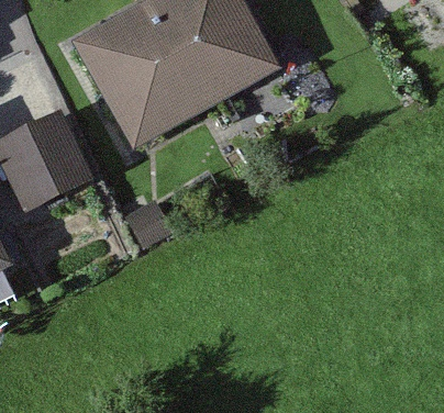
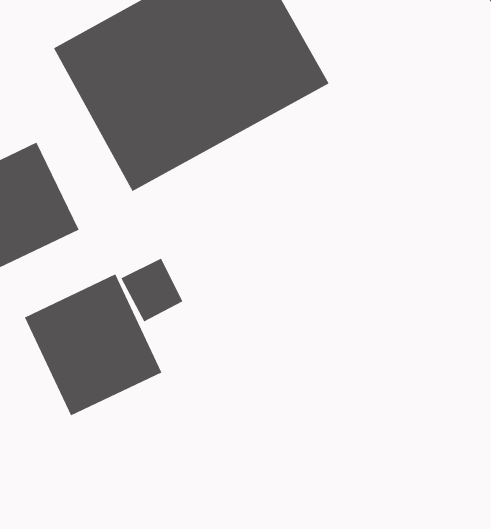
building: none -> [24,274,162,416]

